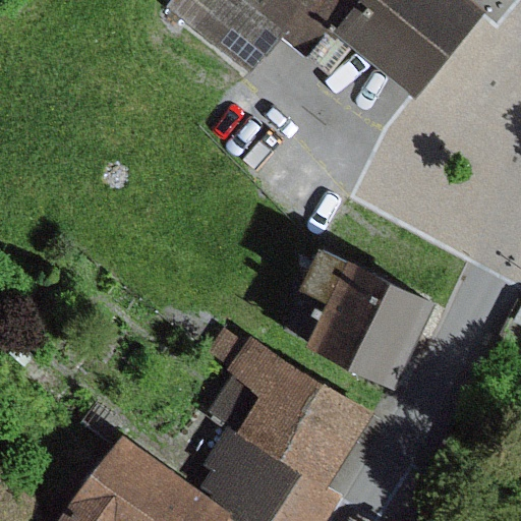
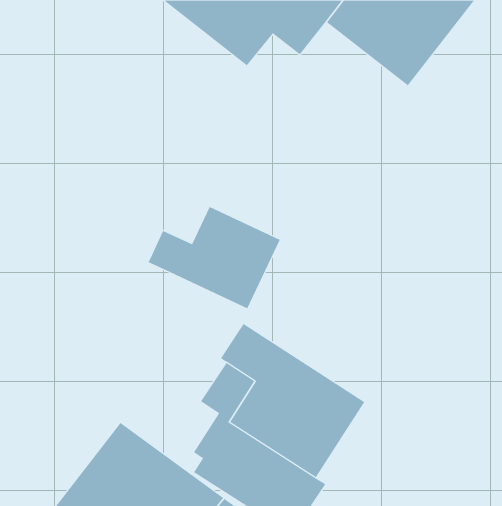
building: none -> [148,206,280,309]
building: [285,243,437,379] -> none

